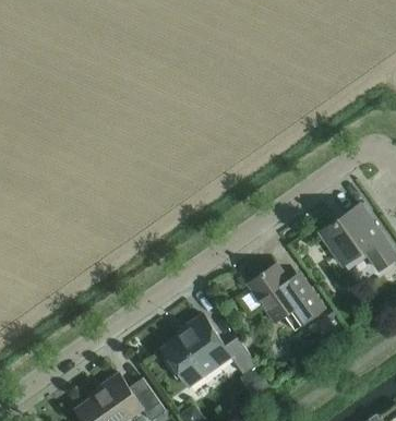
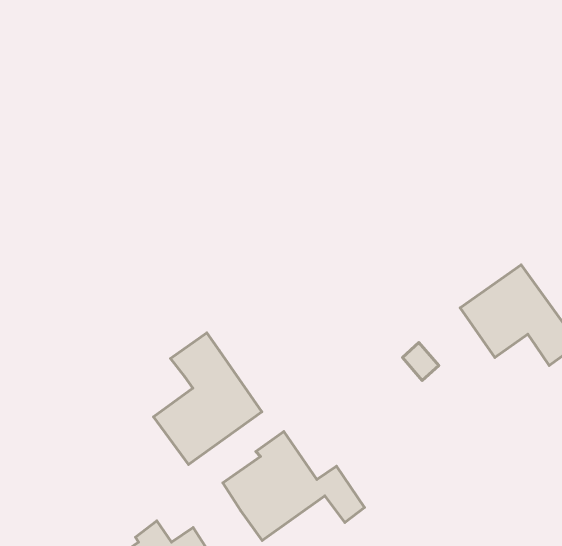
building: none -> [153,333,262,465]
building: [242,264,325,330] -> none

